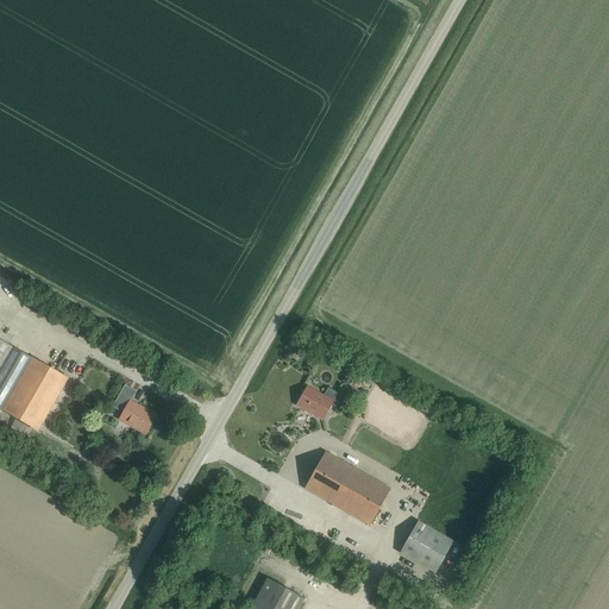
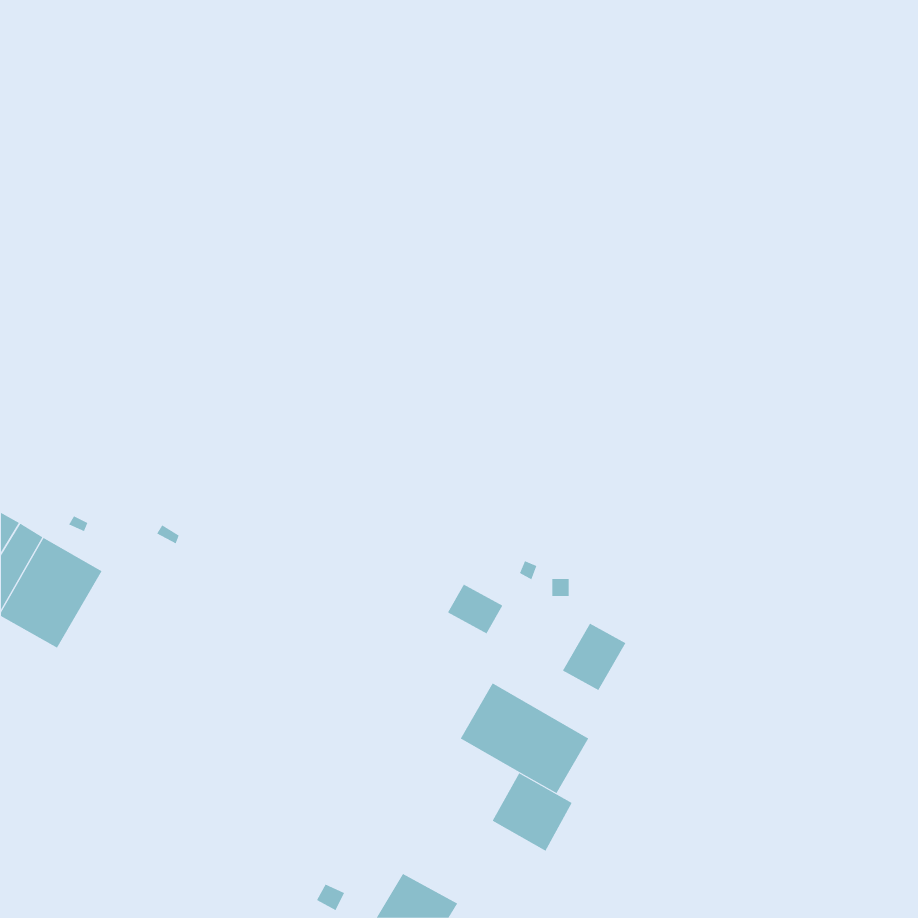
building: [119,401,156,434] -> none
building: none -> [562,623,626,691]
building: [400,521,453,573] -> [492,772,573,851]

